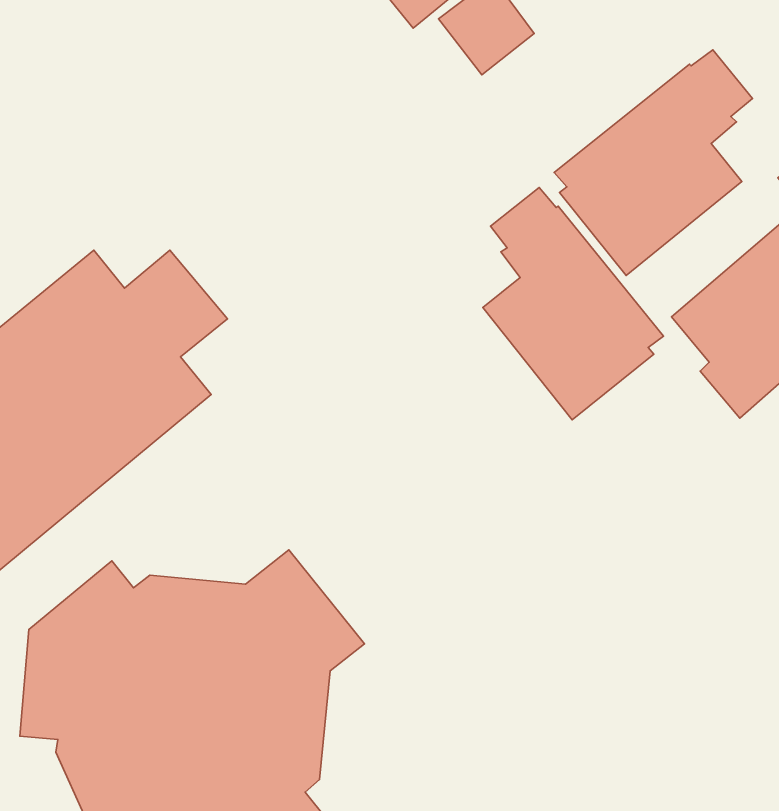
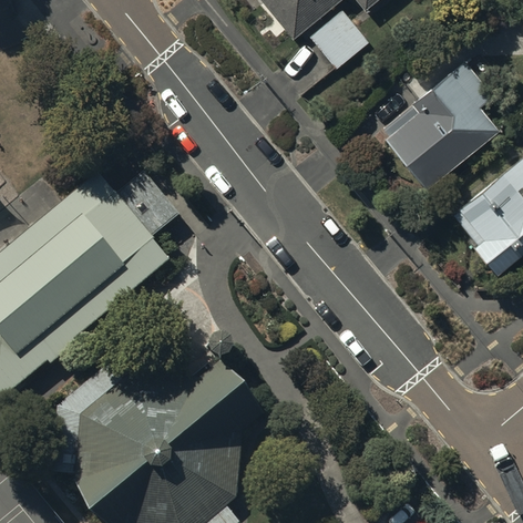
building: [483,188,663,420] -> none

